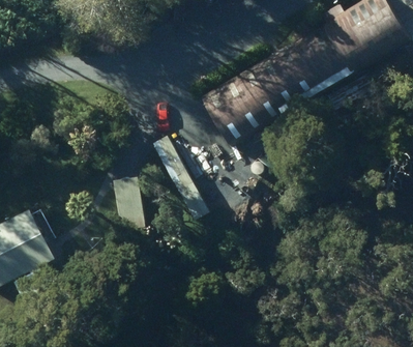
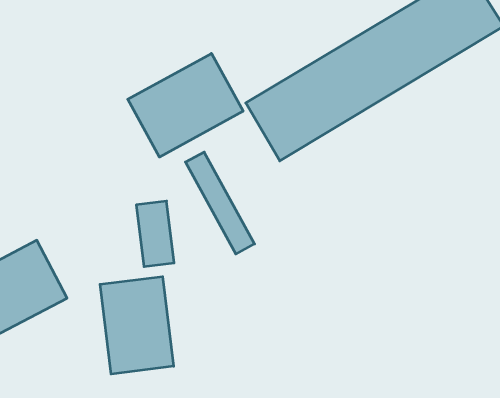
building: none -> [128,53,243,157]
building: none -> [100,277,174,374]

